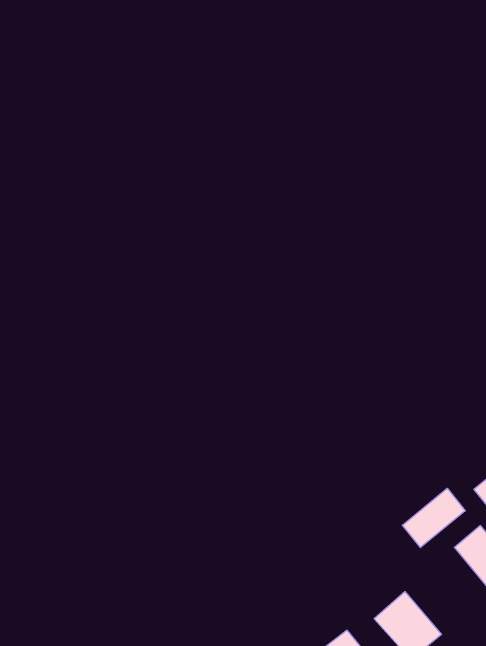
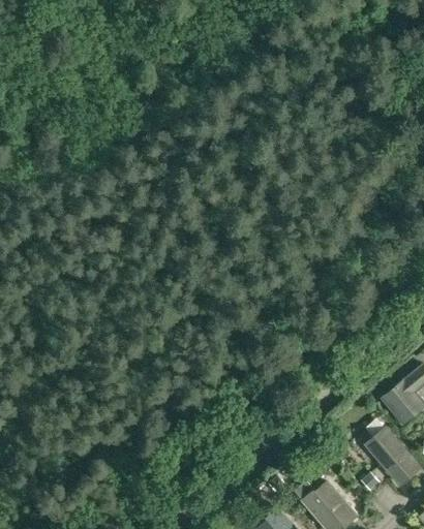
building: [402,488,465,548] -> none

